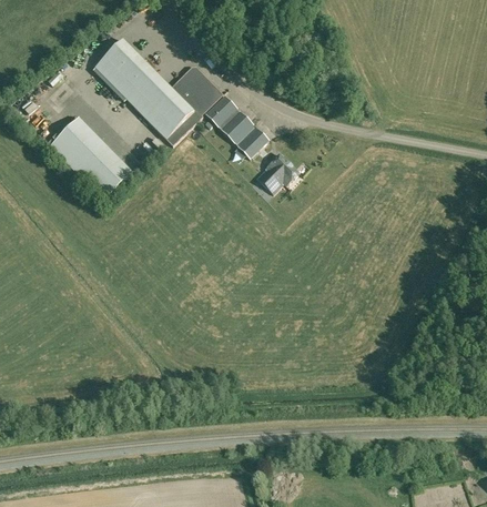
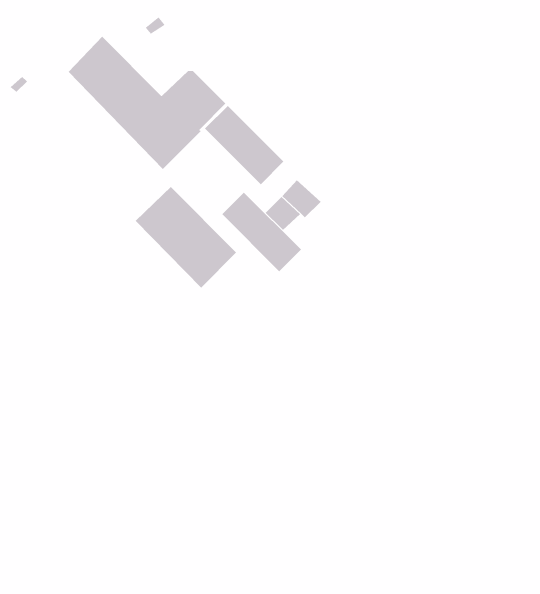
building: [49,118,131,200] -> [135,186,237,289]
building: none -> [221,192,302,272]

